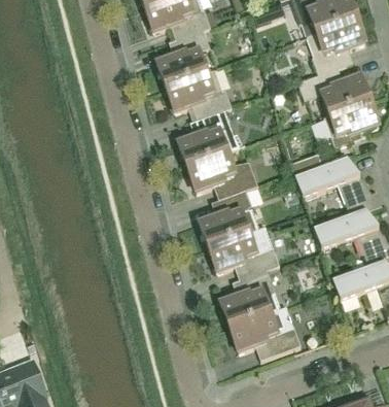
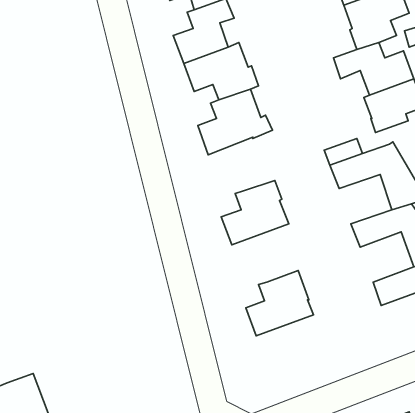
building: [187,150,258,198] -> none
building: [208,225,279,278] -> none
building: [229,305,300,359] -> none

